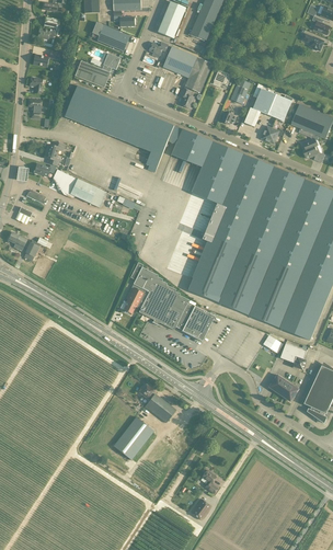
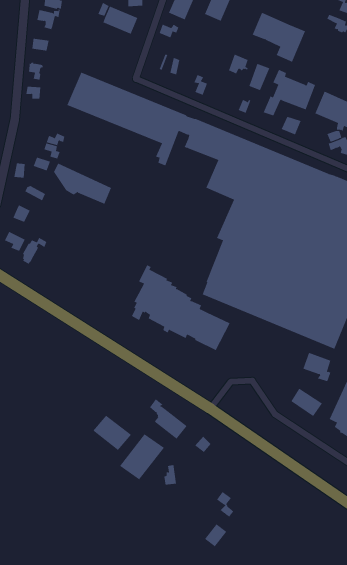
building: [162,46,211,92] -> [252,12,306,62]
building: [74,53,119,88] -> none
building: none -> [92,415,132,451]

